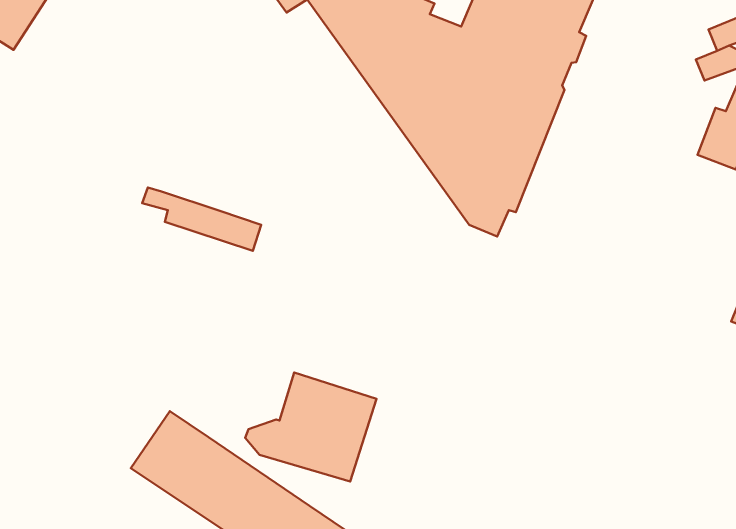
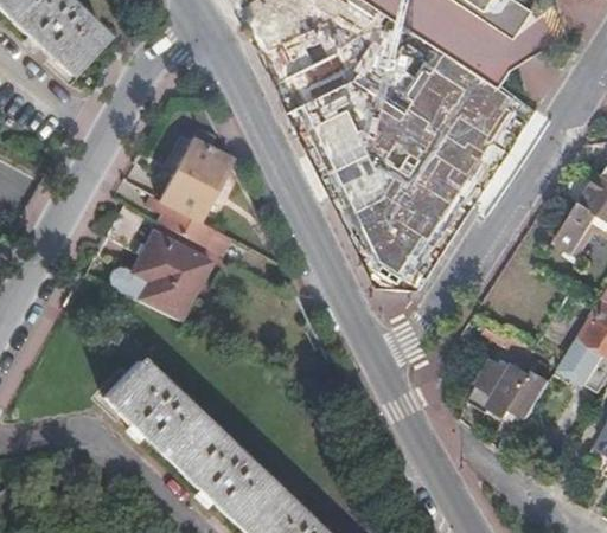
building: none -> [162,118,235,219]
building: none -> [471,358,551,415]
building: [245,373,377,481] -> [111,231,212,317]

